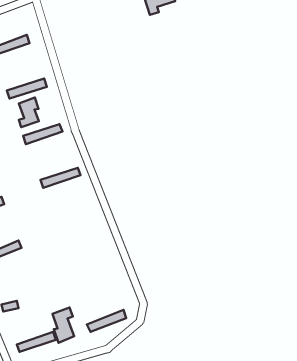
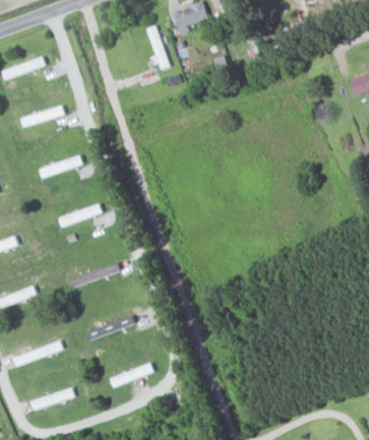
building: none -> [146,25,170,69]
building: [19,97,39,127] -> none
building: [53,308,74,343] -> none

